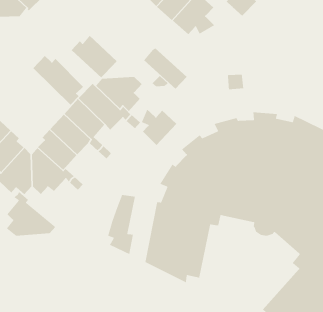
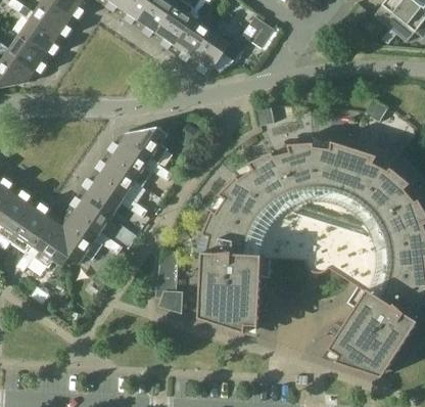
building: [71,35,117,78] -> none
building: [143,47,187,89] -> none
building: [32,55,84,106] -> none
building: [141,109,177,146] -> none
building: [6,191,56,236] -> none

